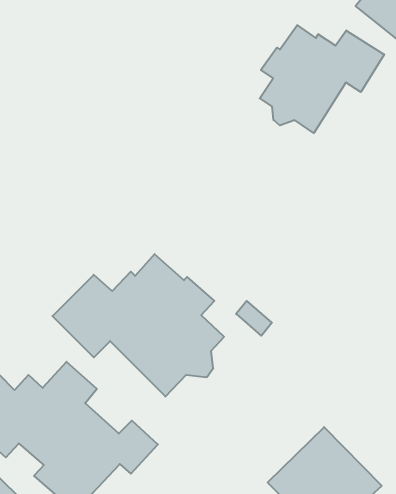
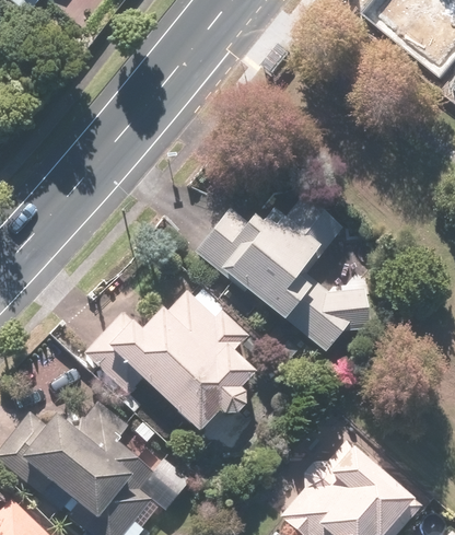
building: [260,25,384,133] -> none
building: none -> [195,195,369,351]

